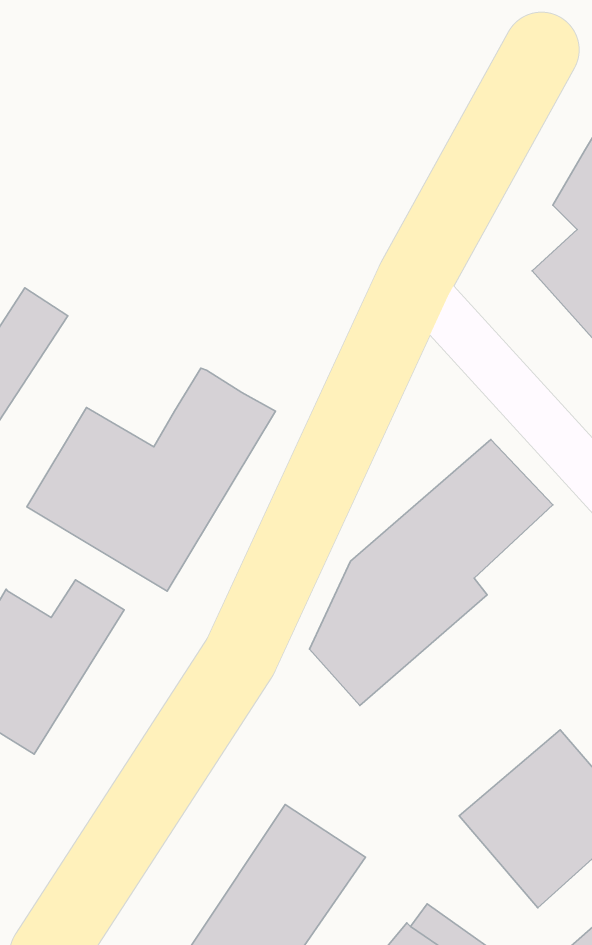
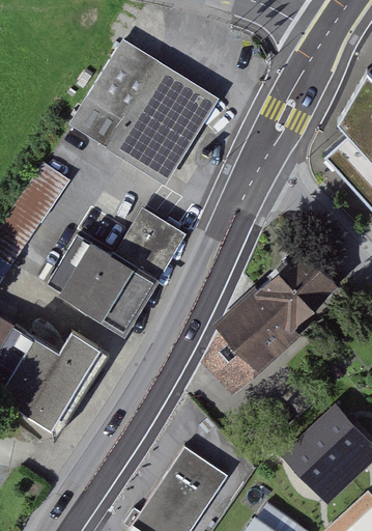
building: none -> [71,39,218,183]

